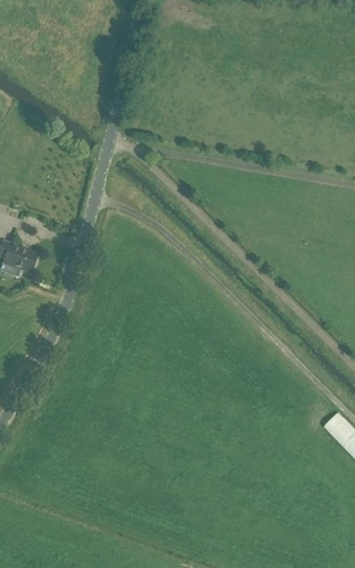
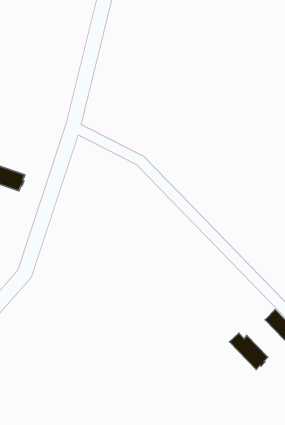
building: none -> [229,333,268,369]

